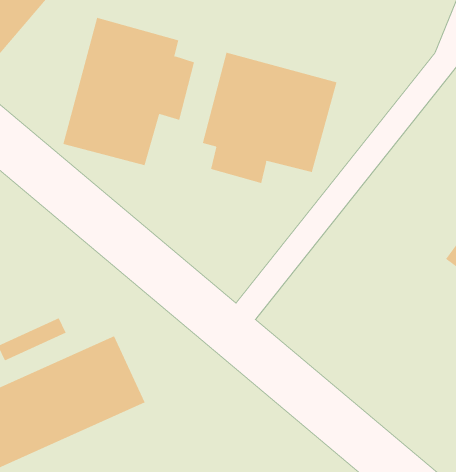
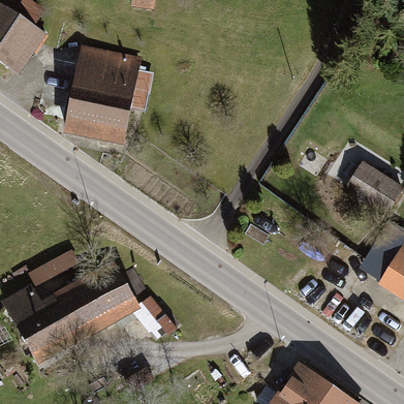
building: [202,52,337,184] -> none

